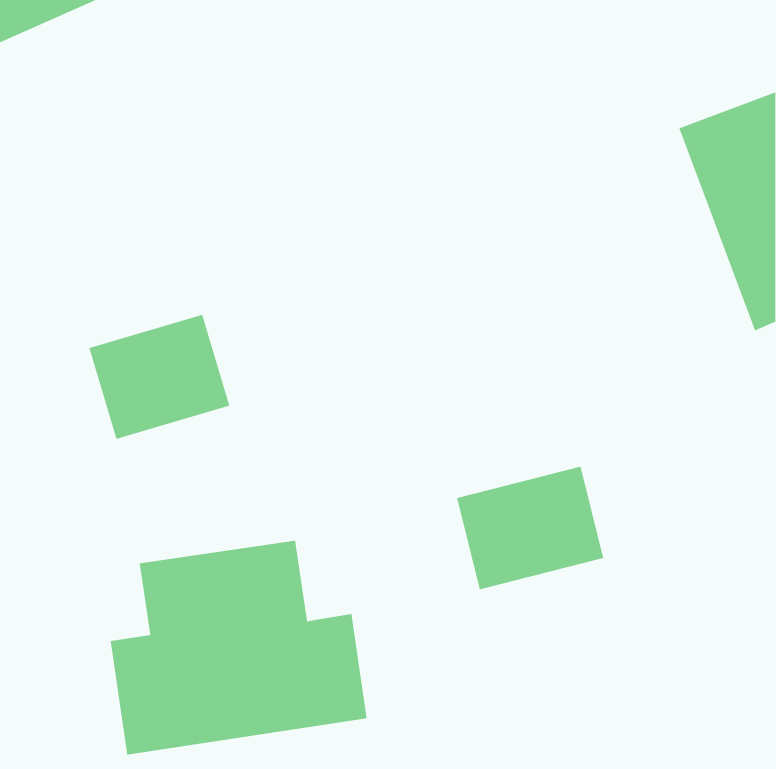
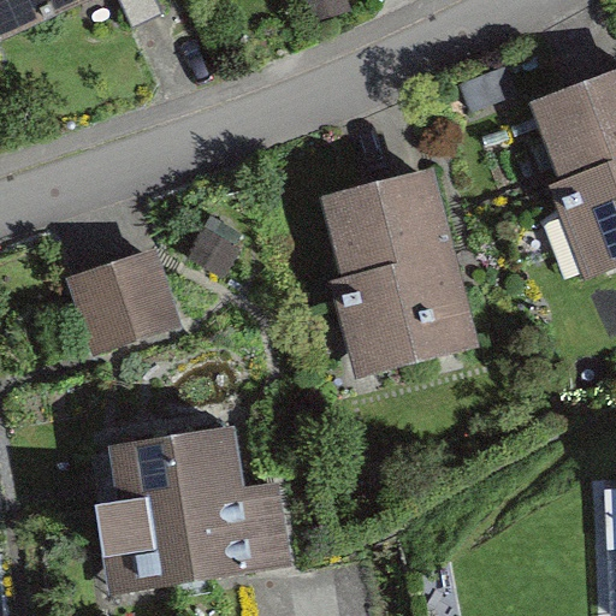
building: none -> [326,172,470,362]
building: [456,466,604,590] -> none

